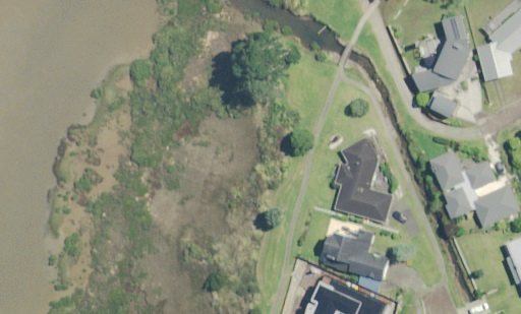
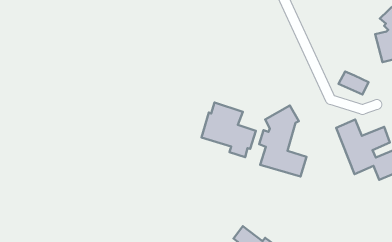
building: [414,13,472,91] -> none
building: [323,223,390,290] -> [201,103,256,157]

